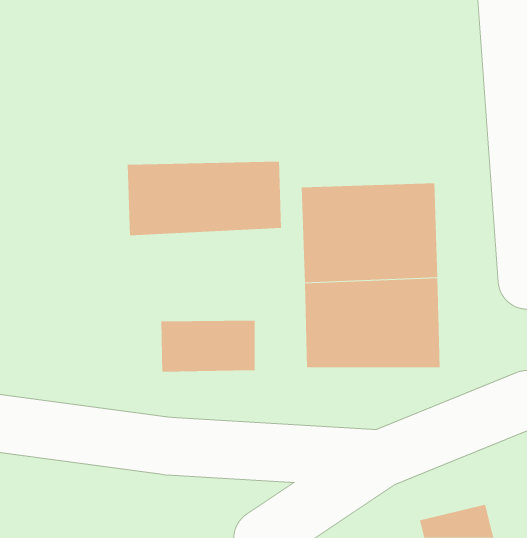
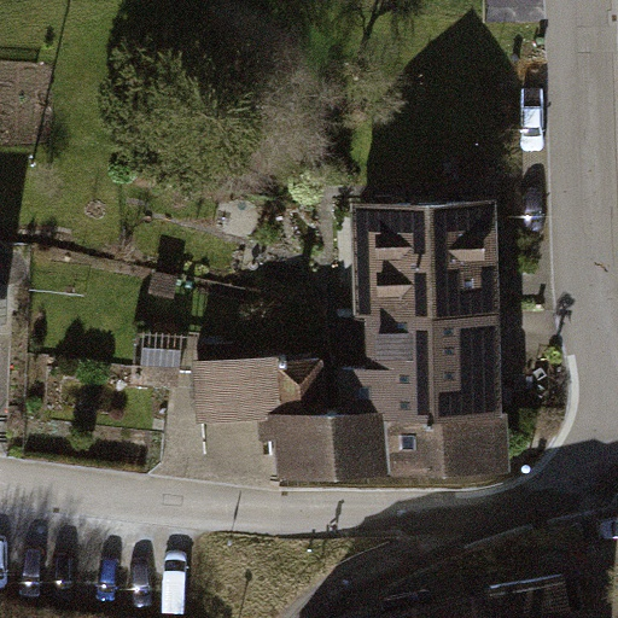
building: [127,161,281,236] -> none
building: none -> [267,420,503,479]

